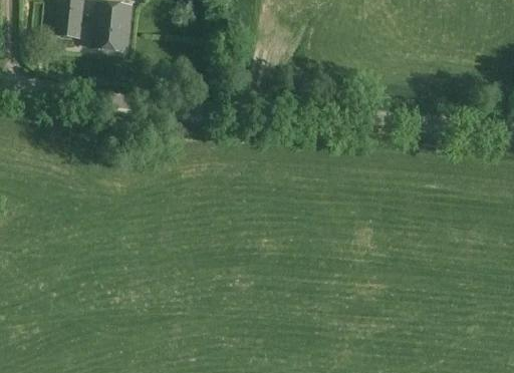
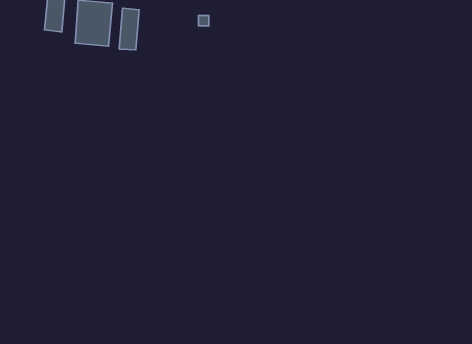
building: none -> [119,8,139,50]

